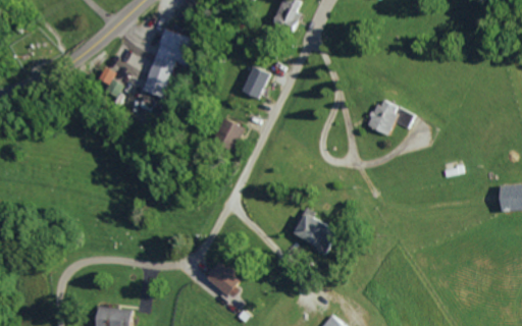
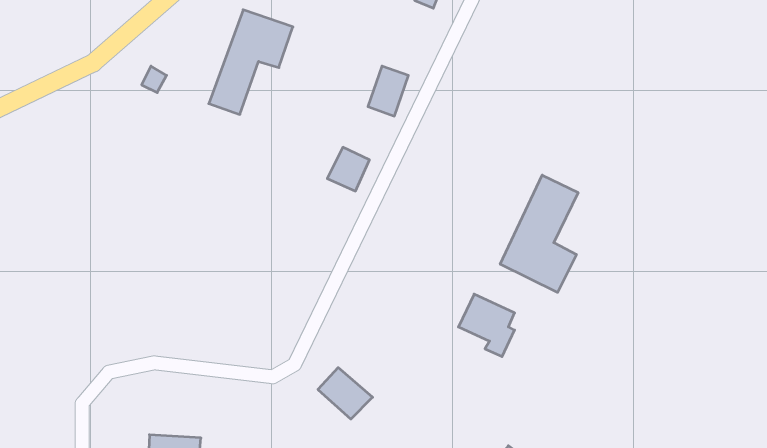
building: [370,99,403,135] -> none
building: none -> [500,175,578,292]

